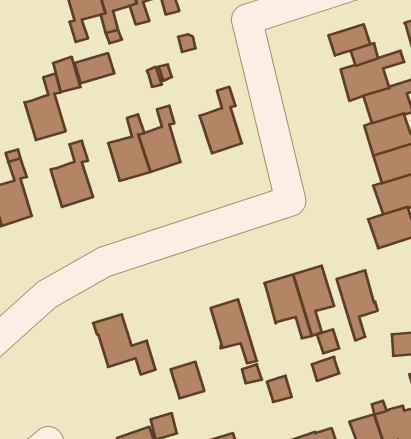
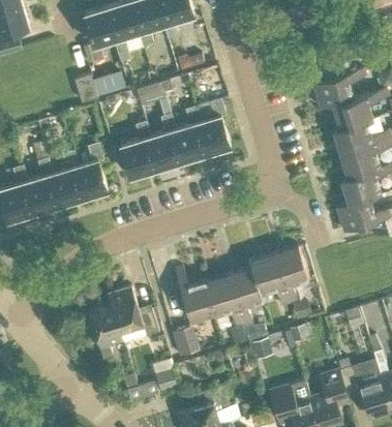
building: [329,24,370,56] -> none
building: [24,74,66,140] -> [48,151,82,206]
building: none -> [171,106,206,161]
building: [337,270,378,340] -> [228,268,262,326]
building: none -> [174,268,214,321]
building: none -> [88,304,123,360]

